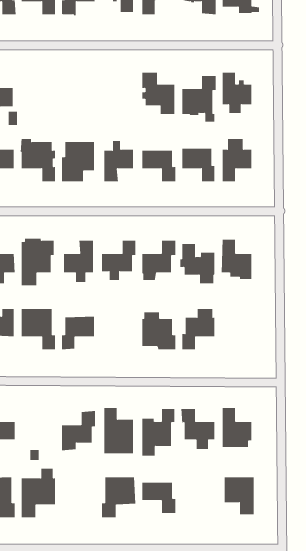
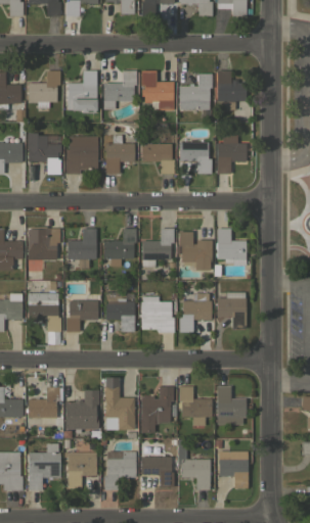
building: none -> [28,70,59,108]
building: none -> [68,70,96,112]
building: none -> [103,70,136,109]
building: none -> [217,292,246,329]
building: none -> [105,293,134,331]
building: none -> [28,387,59,418]
building: none -> [177,439,210,490]
building: none -> [63,445,96,488]

